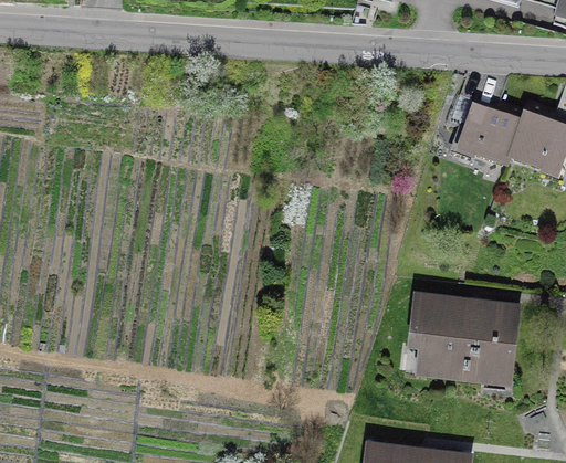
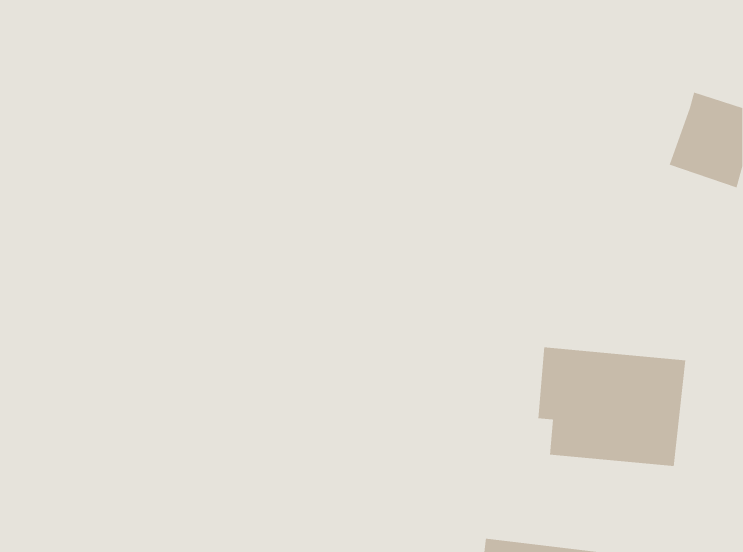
building: [454,96,523,168] -> none

